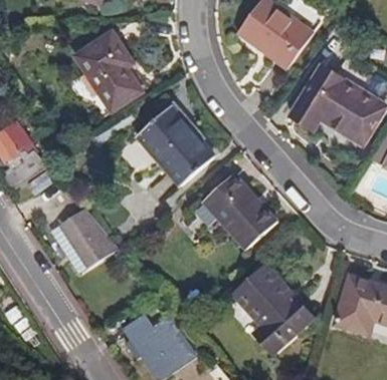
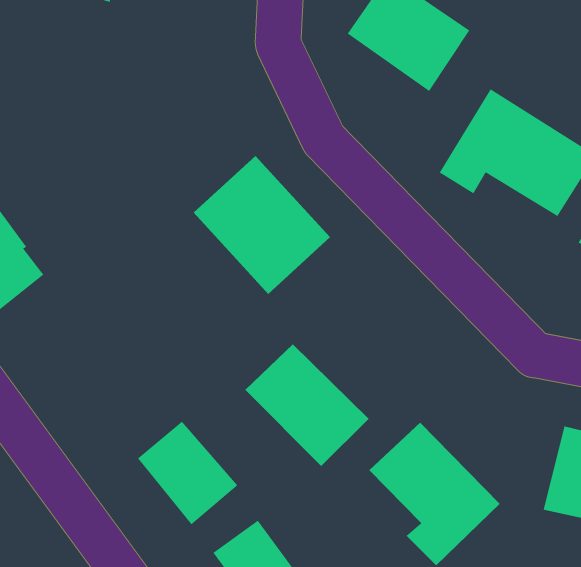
building: [75,30,148,108] -> none
building: [203,173,276,248] -> [245,343,369,467]
building: [58,208,118,270] -> [137,421,238,525]

